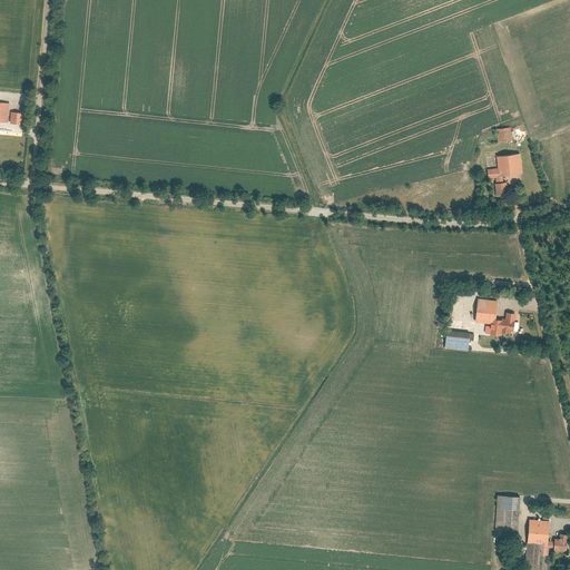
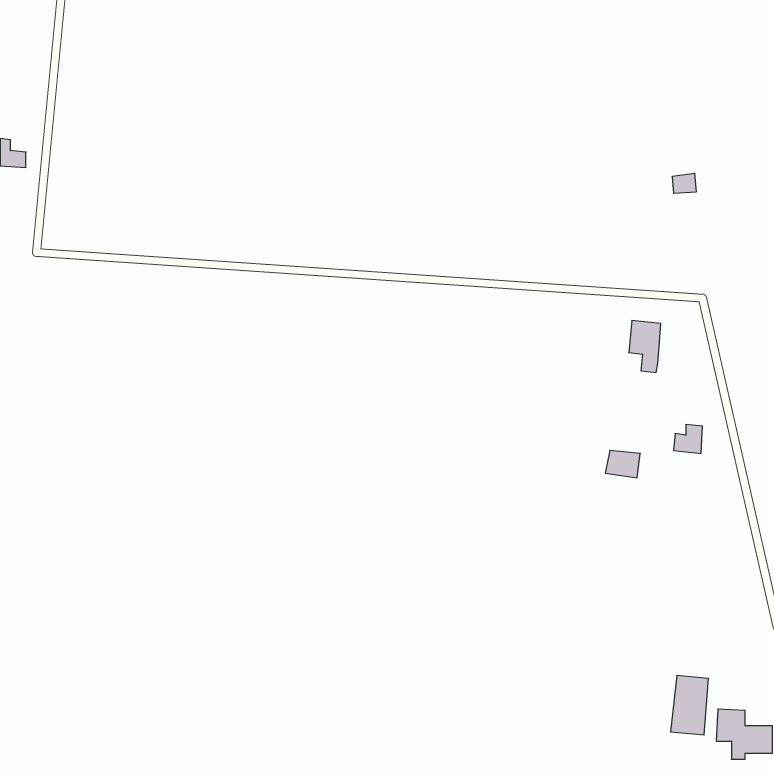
building: [485,154,523,196] -> none
building: [474,299,498,337] -> [629,321,661,372]

